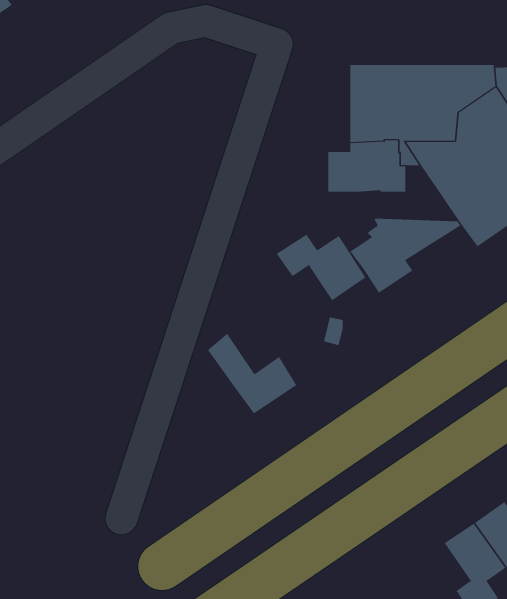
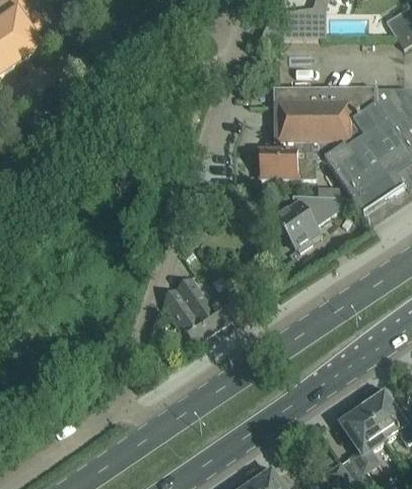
building: [276,234,366,301] -> none
building: none -> [161,287,208,341]

